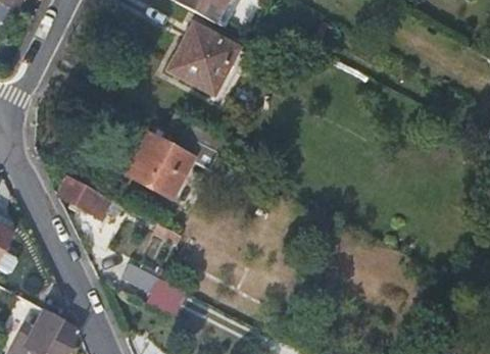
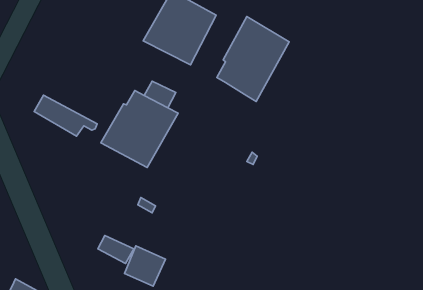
building: none -> [217,17,289,102]
building: [57,176,119,217] -> [34,95,97,136]

